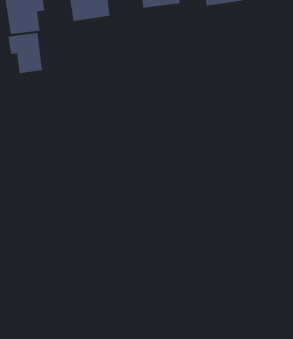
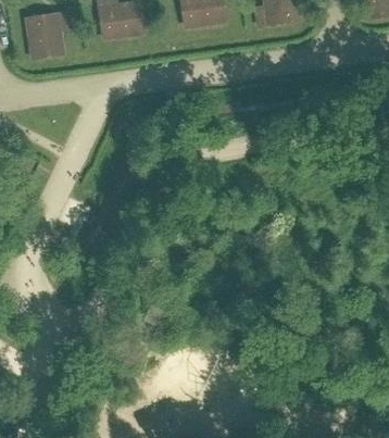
building: [7,32,43,74] -> none

